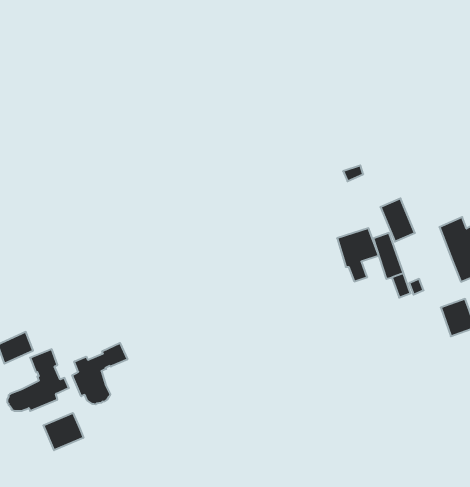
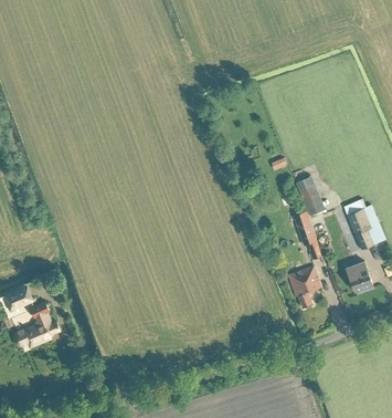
building: [337,228,379,281] -> [288,265,320,306]
building: [72,343,127,404] -> none
building: [43,413,83,450] -> none

